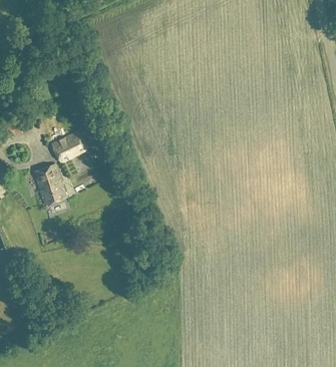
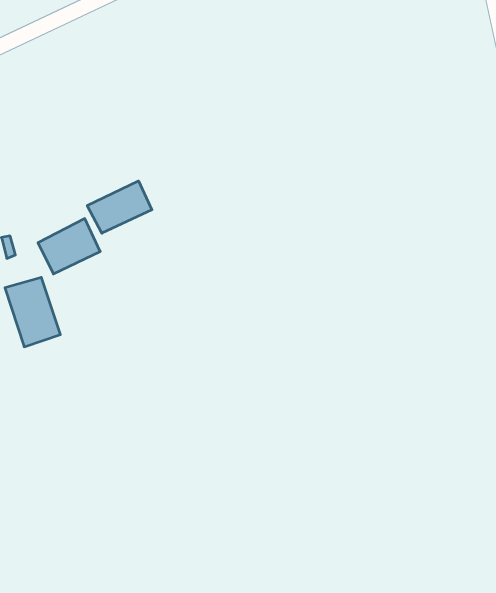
building: none -> [87,181,152,233]

